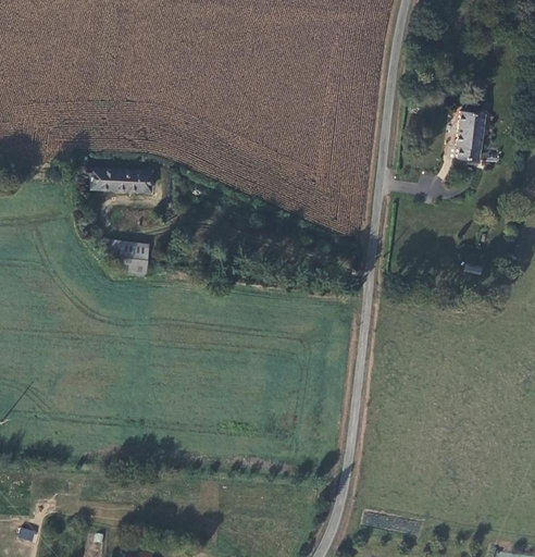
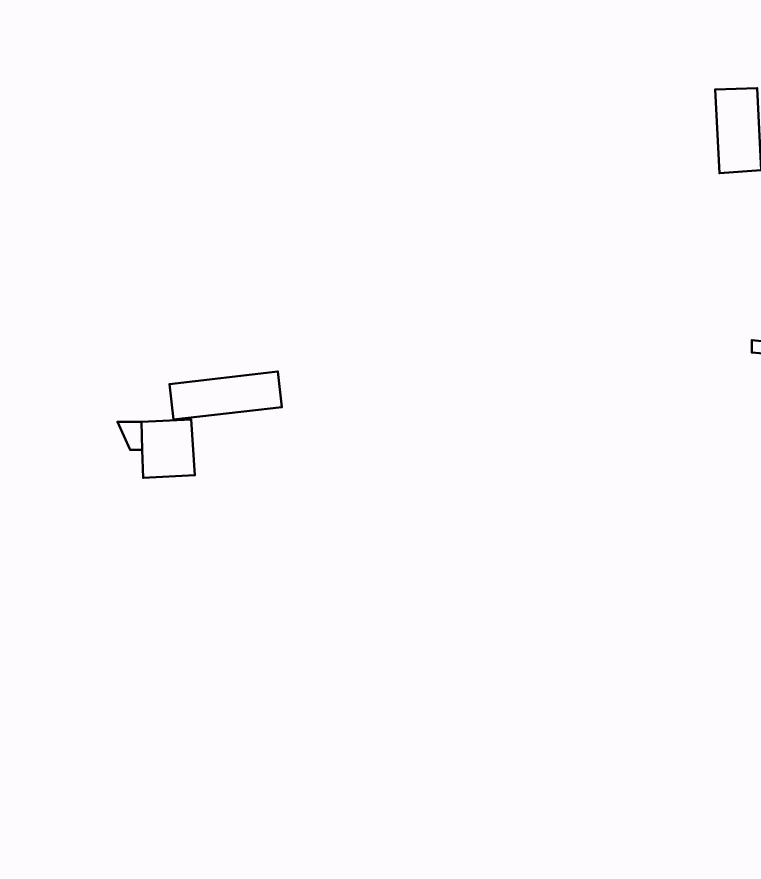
building: [91,169,152,191] -> [170,372,282,419]

